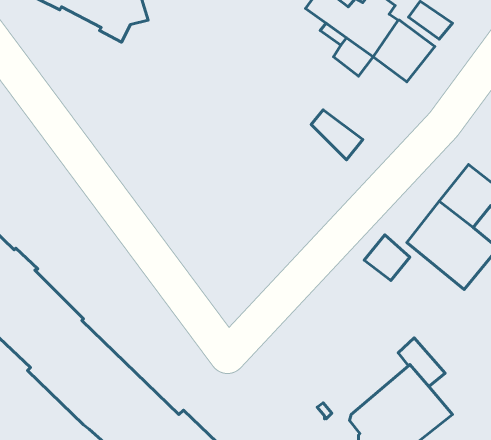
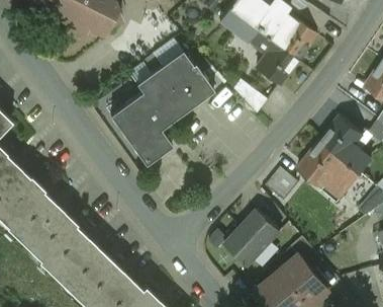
building: none -> [256,42,297,83]
building: none -> [108,50,213,162]
building: none -> [223,208,280,265]

